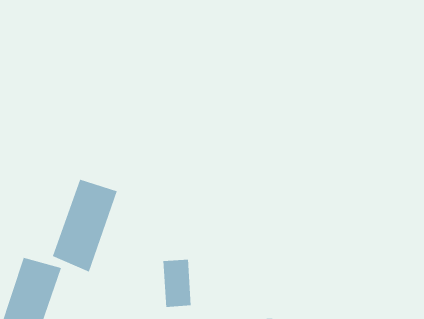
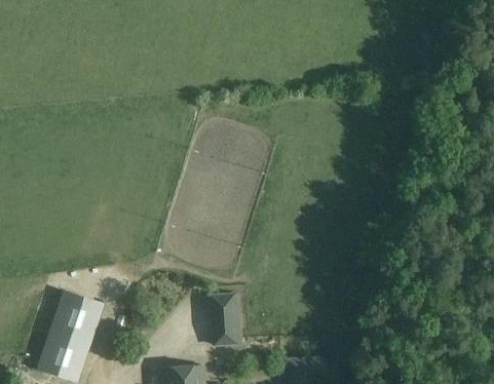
building: [52,179,117,273] -> none

